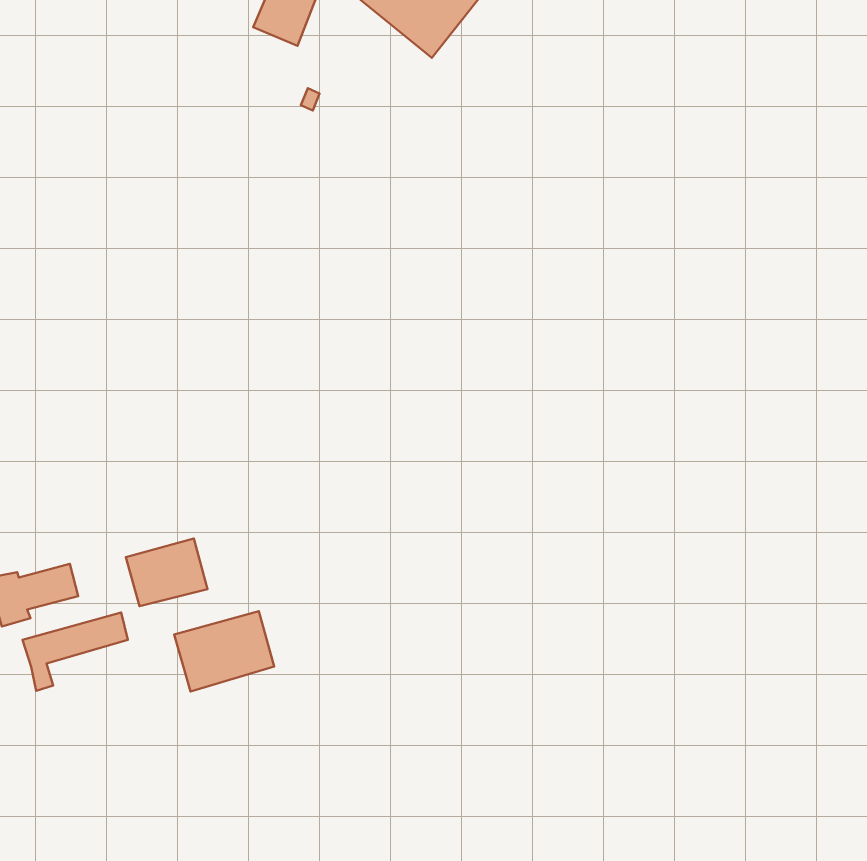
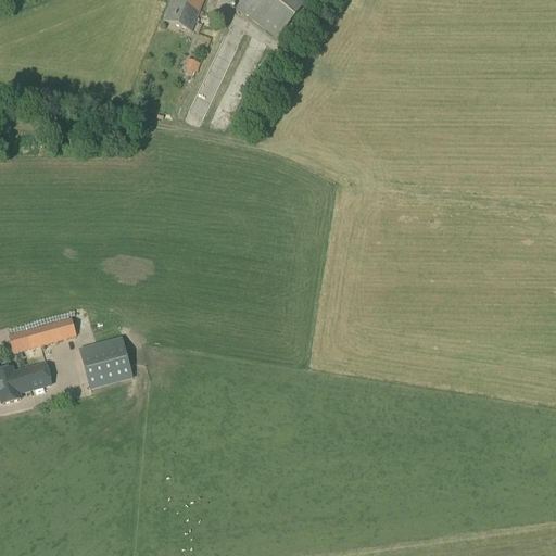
building: [174,611,274,692] -> none
building: [23,613,128,691] -> [8,316,75,366]

